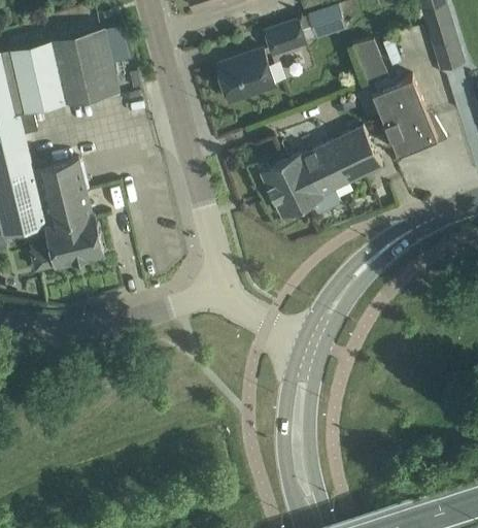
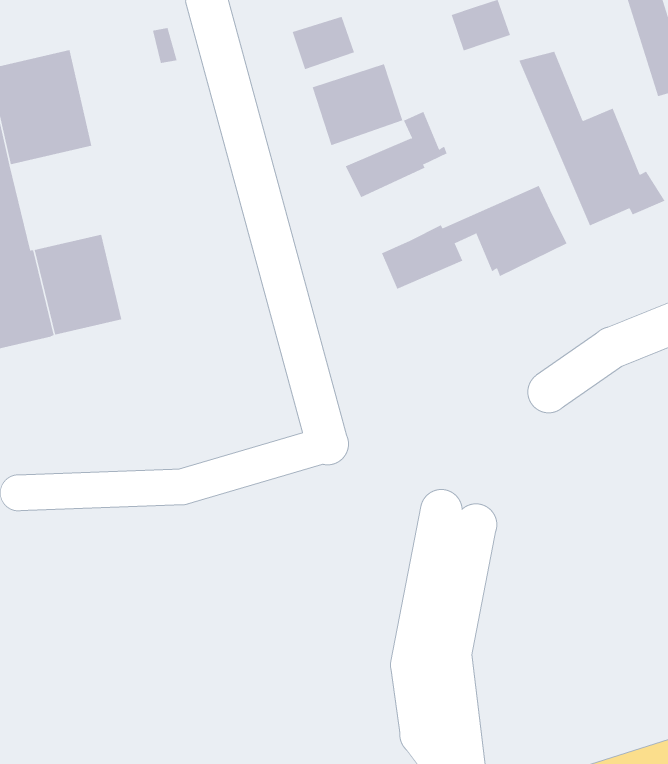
building: [266,21,307,56] -> [292,16,355,70]
building: [59,29,120,105] -> none
building: [272,161,339,218] -> [345,111,448,198]
building: [30,216,104,272] -> none

